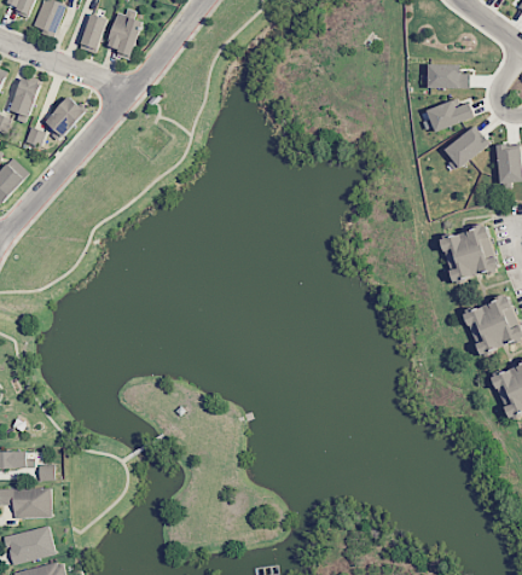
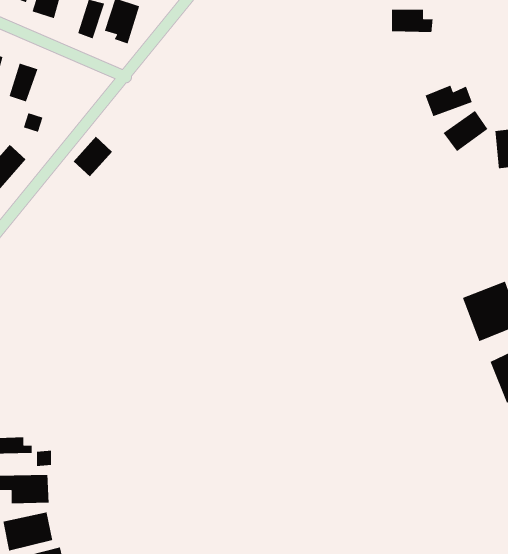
building: [428,64,470,88] -> [391,9,433,33]
building: [46,95,86,137] -> [73,136,113,177]
building: [441,226,498,281] -> none

